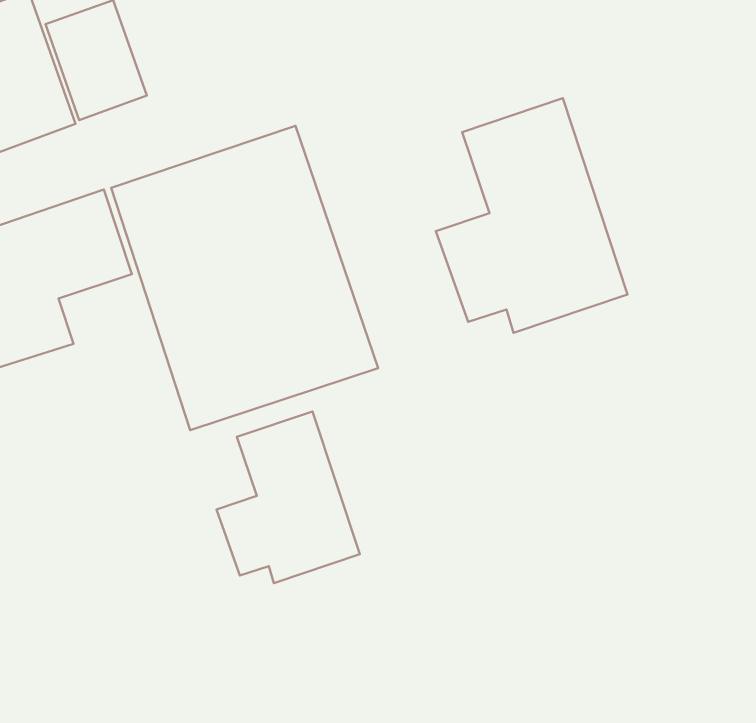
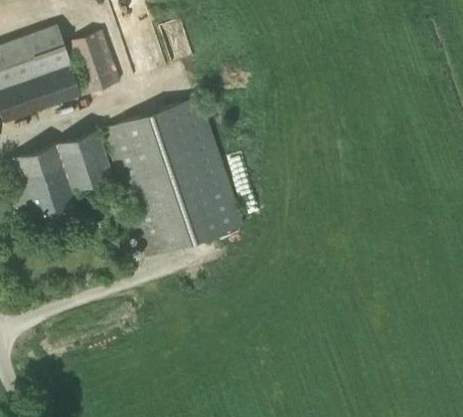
building: [436,98,628,333] -> none
building: [216,411,360,583] -> none

